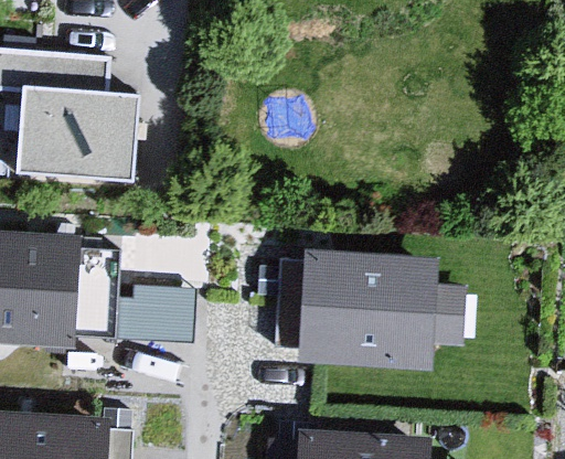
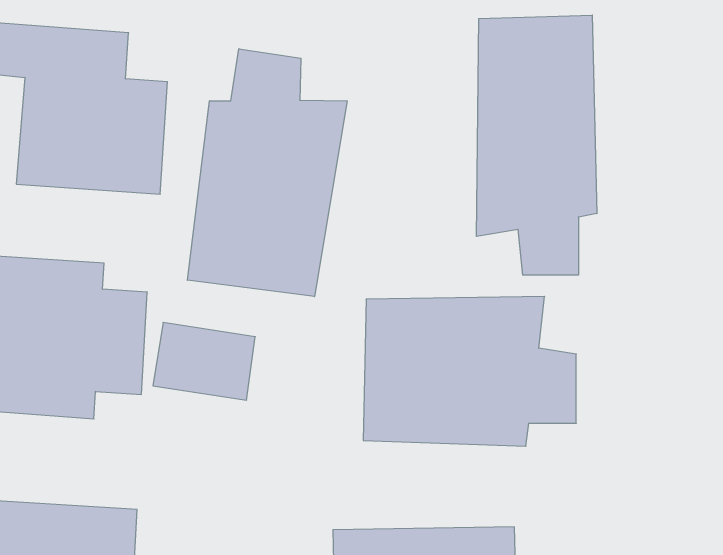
building: none -> [476,15,597,275]
building: none -> [187,49,347,297]

